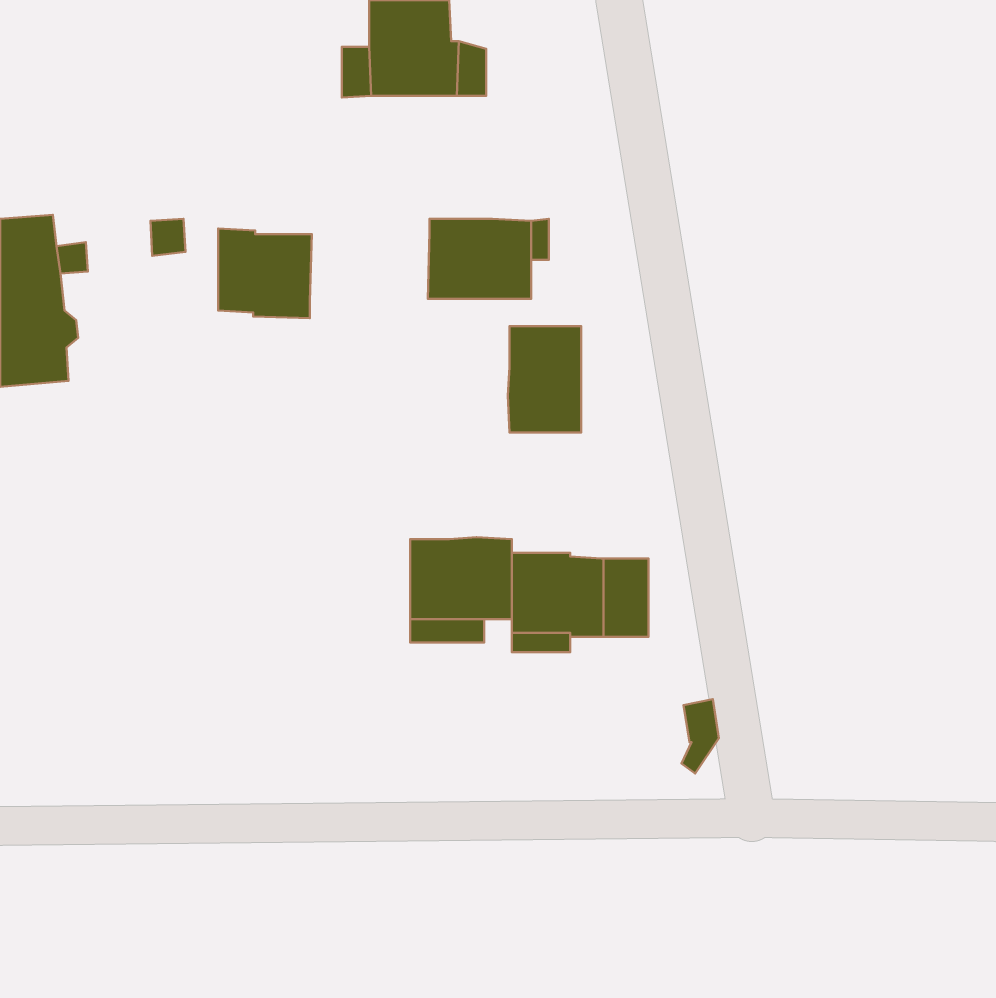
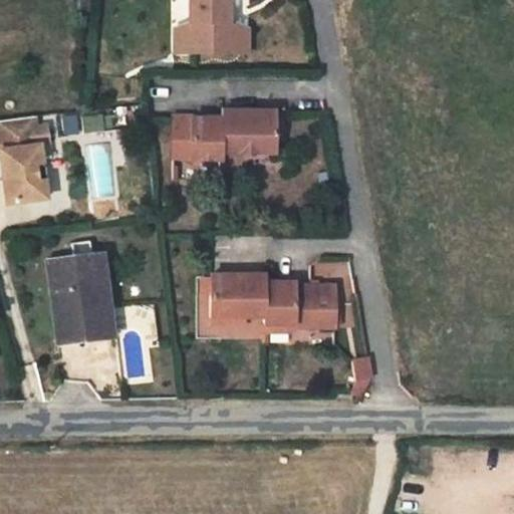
building: [218,228,312,318] -> [174,116,222,163]
building: [508,326,581,432] -> none
building: none -> [47,251,107,343]

